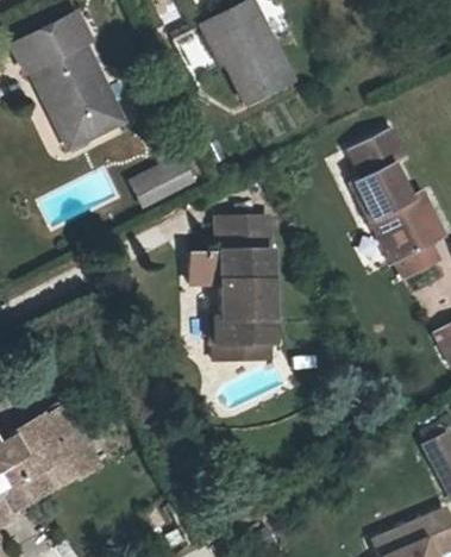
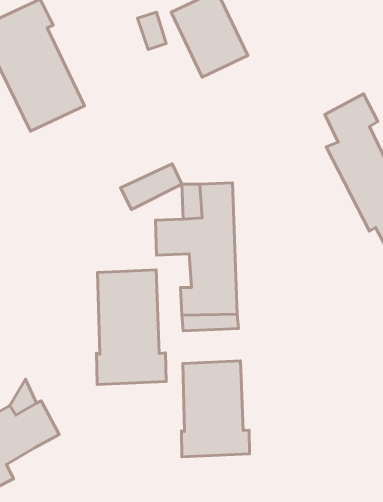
building: [132,148,193,193] -> [121,164,182,209]
building: none -> [97,270,166,385]
building: none -> [181,361,250,457]

